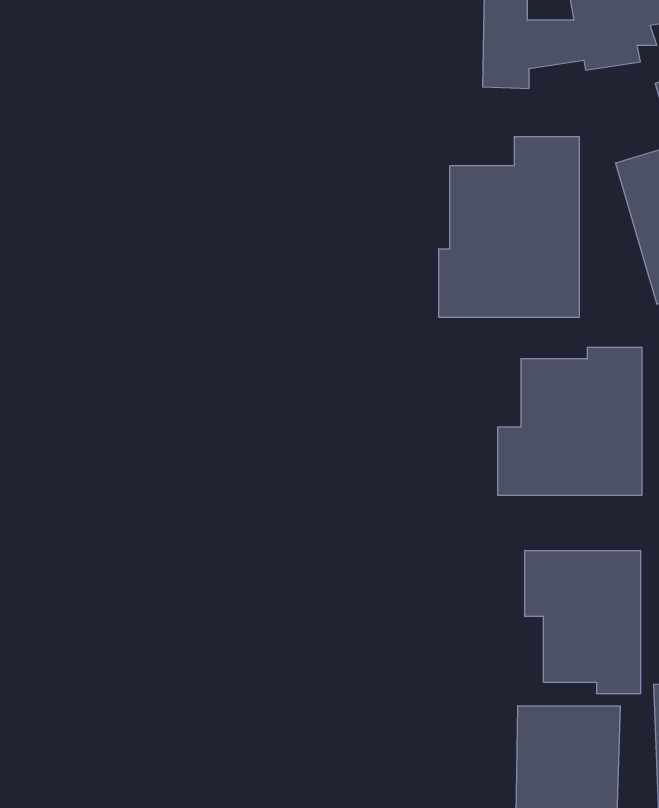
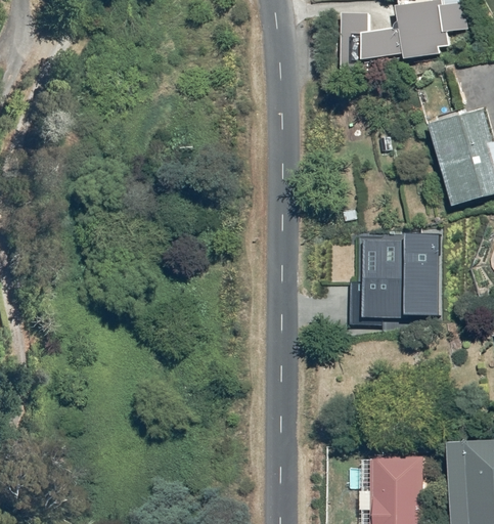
building: [439,136,579,317] -> none
building: [525,550,641,694] -> none

